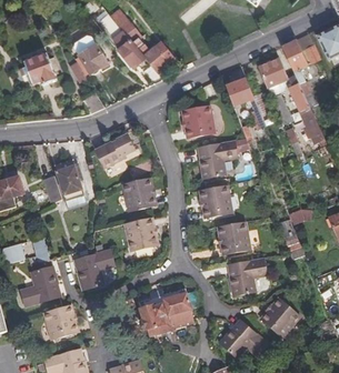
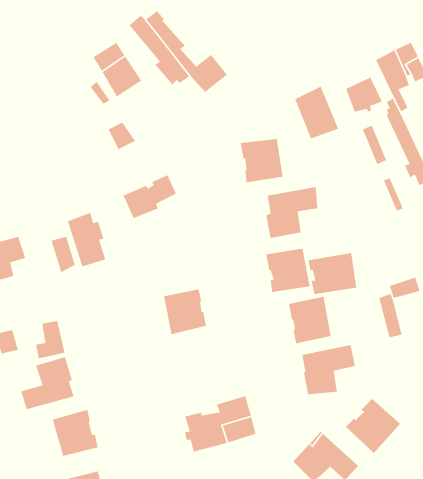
building: [18,54,56,85] -> none
building: [120,177,153,209] -> none
building: none -> [307,252,357,295]
building: [76,249,114,289] -> none

